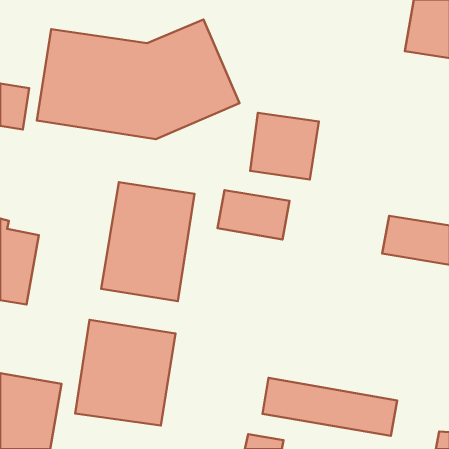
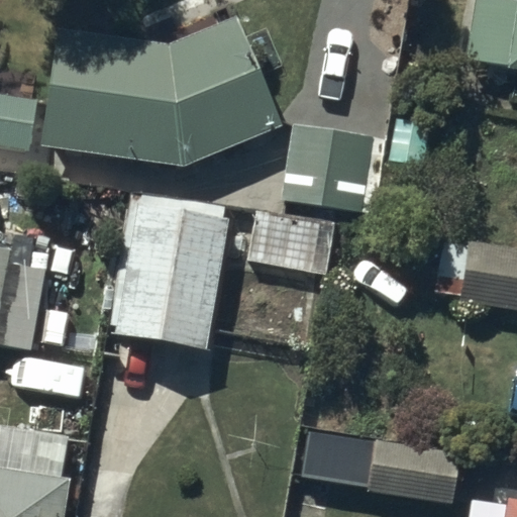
building: [75,320,176,426] -> none

